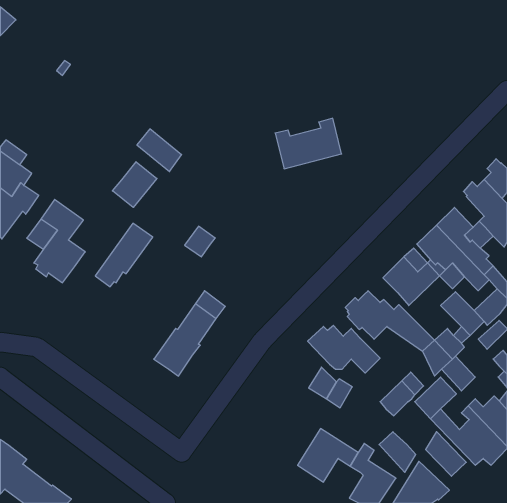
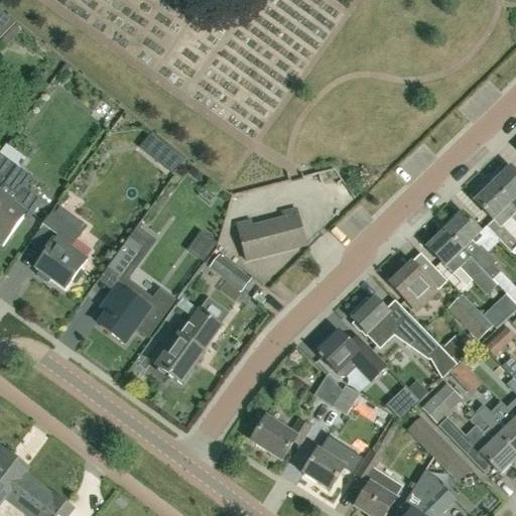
building: [275,118,342,169] -> [237,207,304,258]
building: [112,162,157,207] -> none
building: none -> [209,253,252,291]
building: none -> [99,276,177,342]
building: none -> [251,416,308,459]
building: [379,432,416,472] -> [406,415,443,457]

